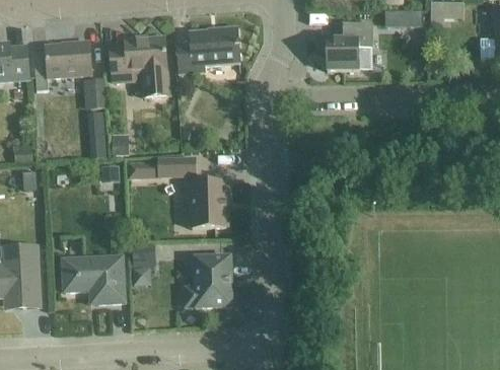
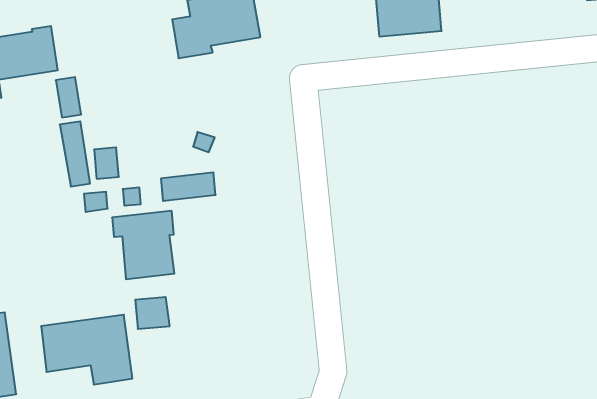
building: [110,36,167,96] -> none
building: [185,180,228,227] -> [112,211,174,279]
building: [184,254,230,306] -> none

